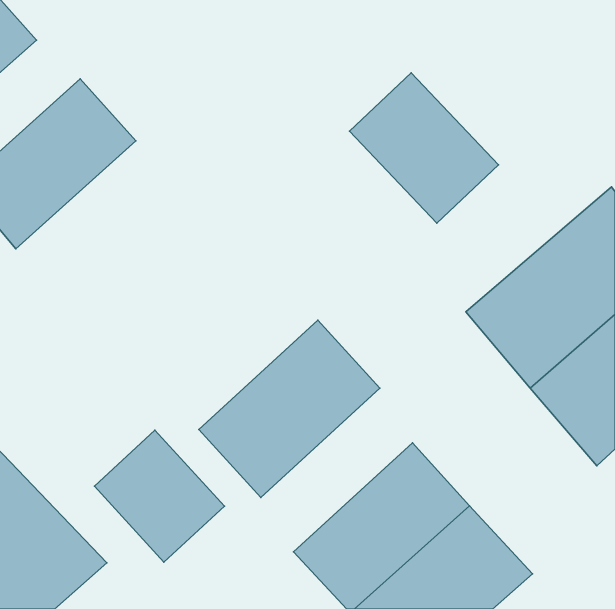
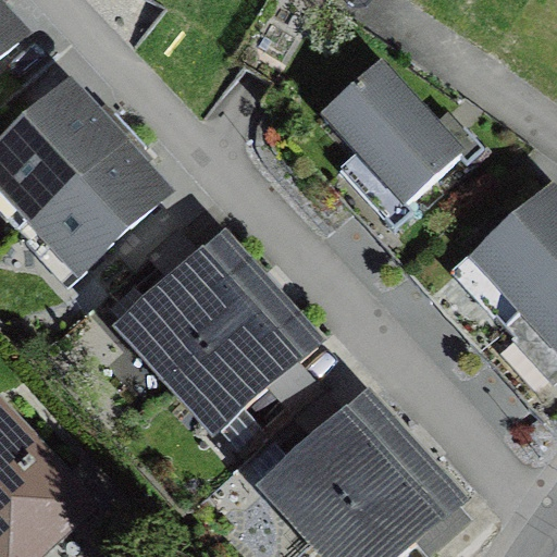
building: none -> [14,126,178,286]
building: none -> [126,232,285,385]
building: [94,430,225,562] -> none

